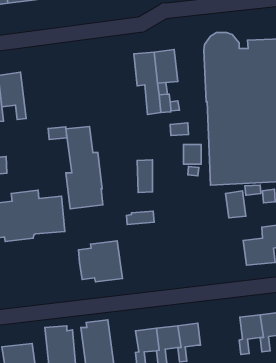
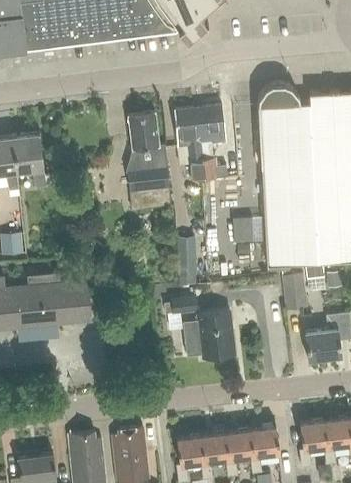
building: [66,126,103,209] -> [127,112,171,210]
building: [79,241,122,282] -> [183,310,235,359]
building: none -> [250,426,279,473]

